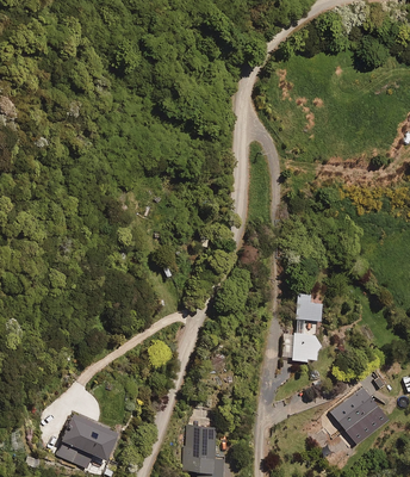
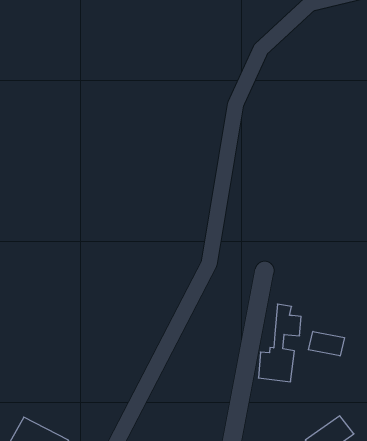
building: none -> [308,331,344,356]

